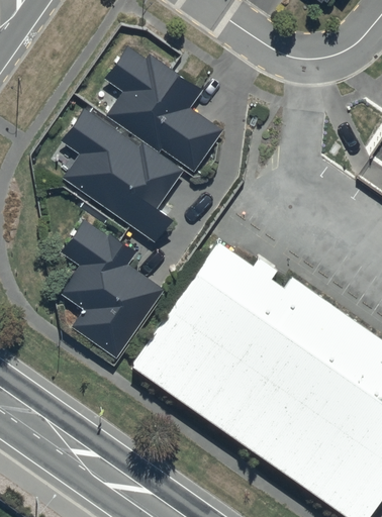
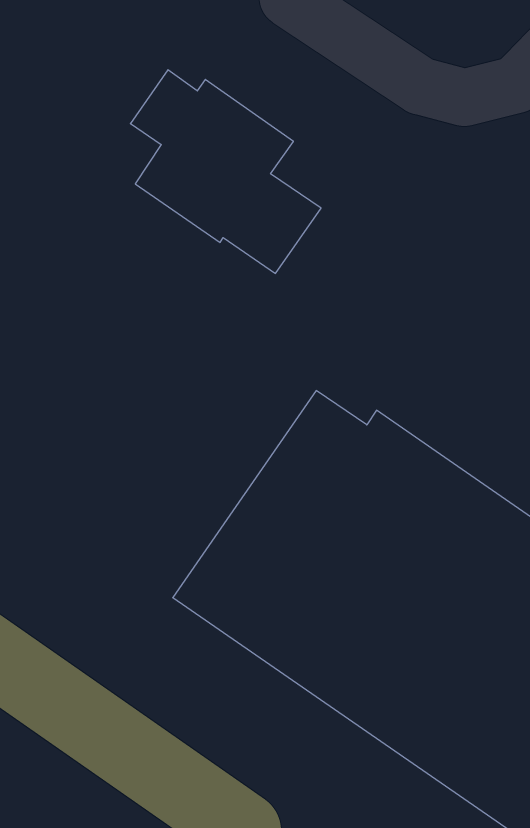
building: [63,107,184,241] -> none
building: [61,218,165,357] -> none

